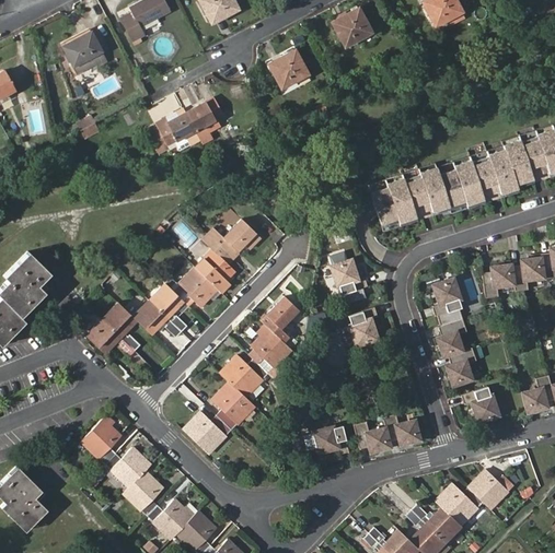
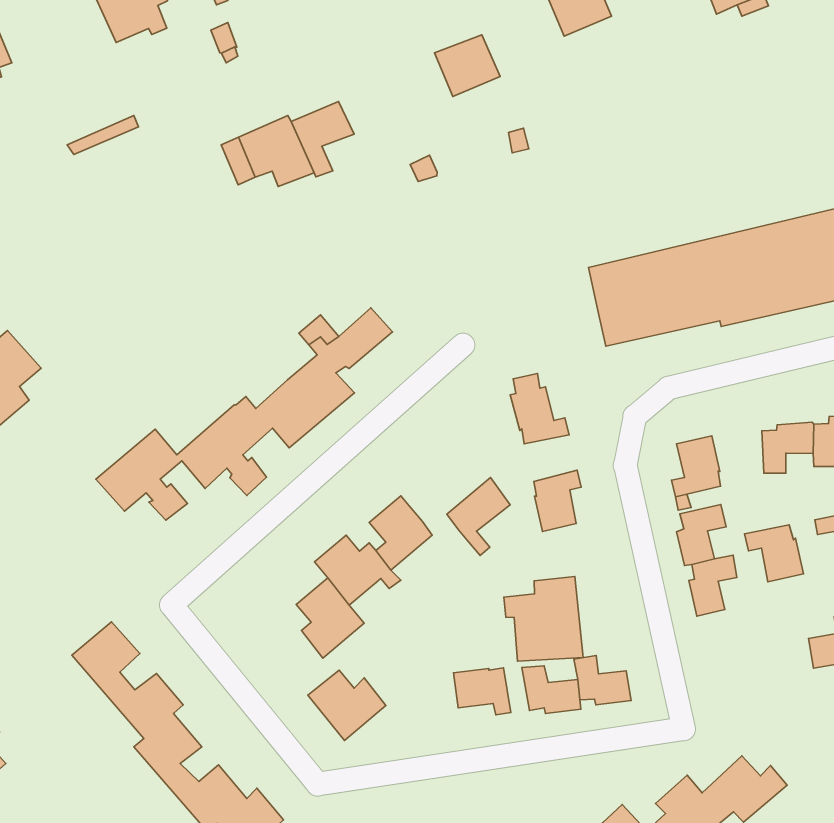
building: [263,296,300,343] -> [447,477,510,555]
building: none -> [504,577,583,661]
building: [460,387,497,422] -> [744,525,803,582]
building: [185,411,232,452] -> [308,670,386,740]

